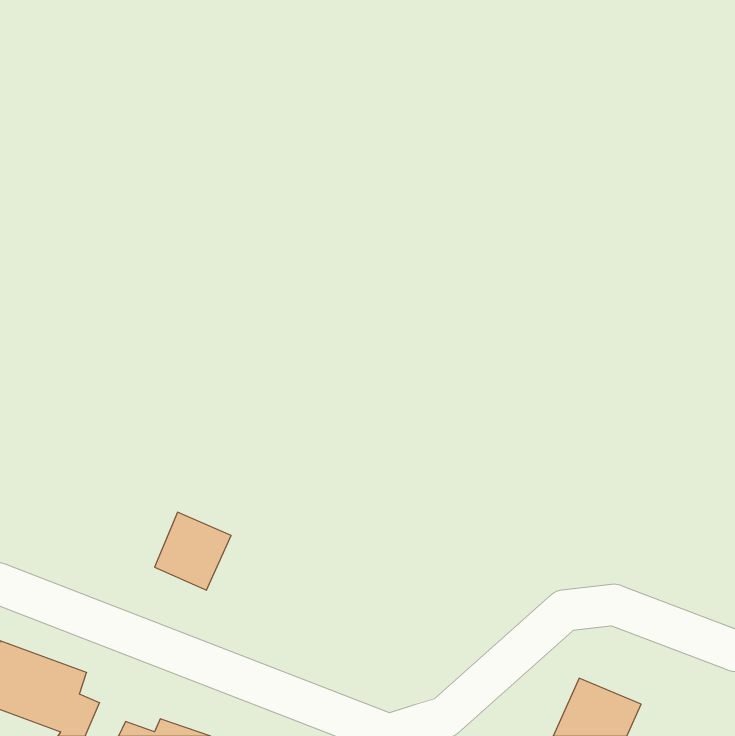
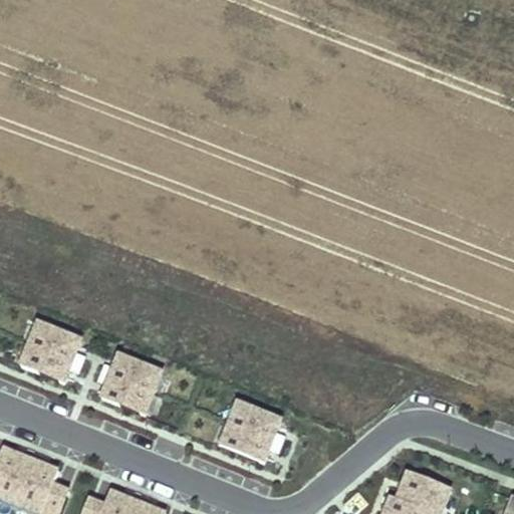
building: none -> [23,323,76,377]
building: none -> [224,403,277,457]

